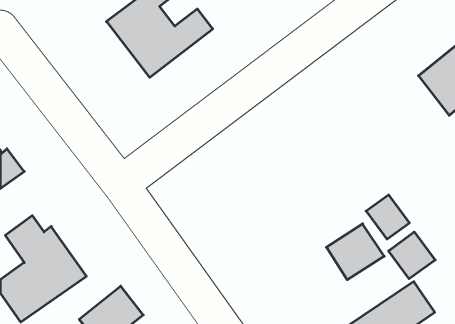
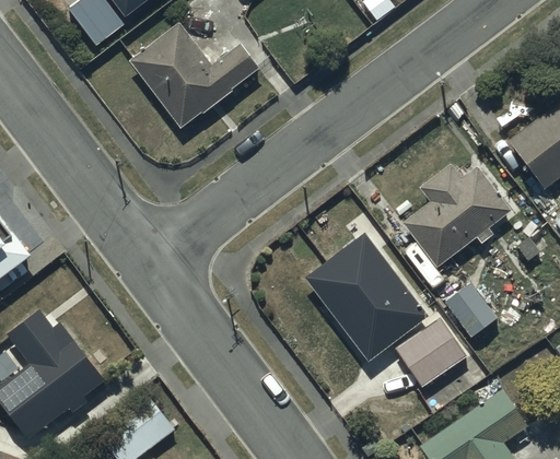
building: none -> [401,162,510,264]
building: none -> [305,229,427,357]
building: [389,232,435,279] -> none

